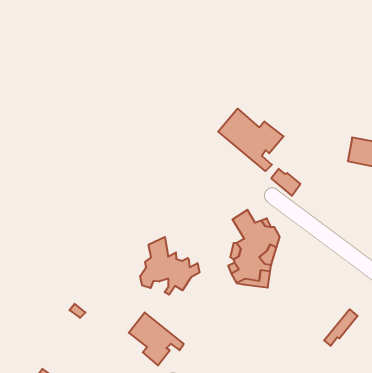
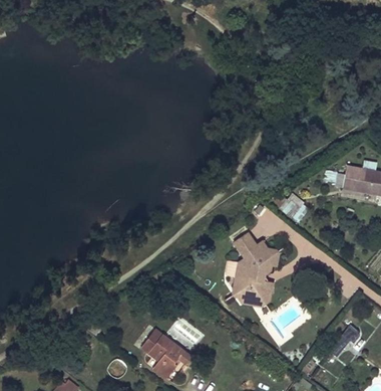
building: [218,109,284,171] -> none
building: [140,237,199,295] -> none

